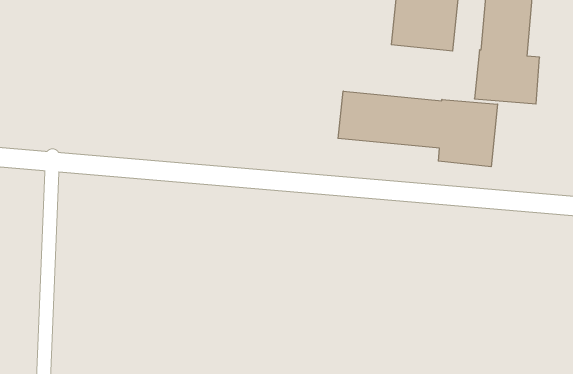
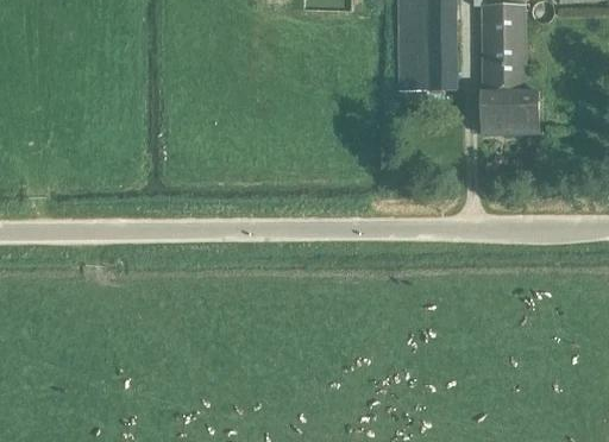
building: [338,91,498,167] -> none

